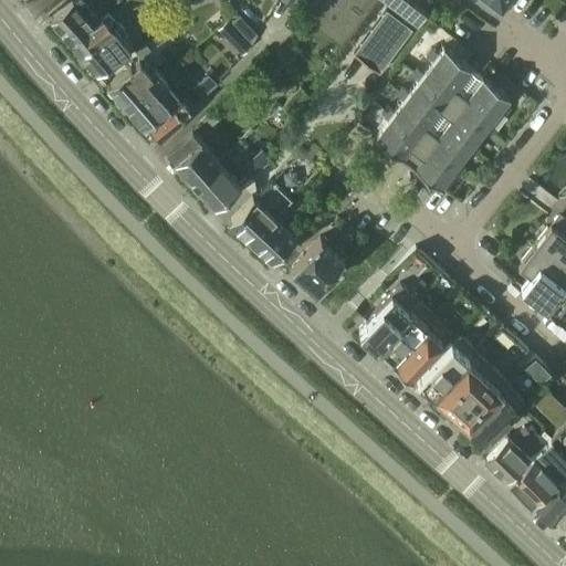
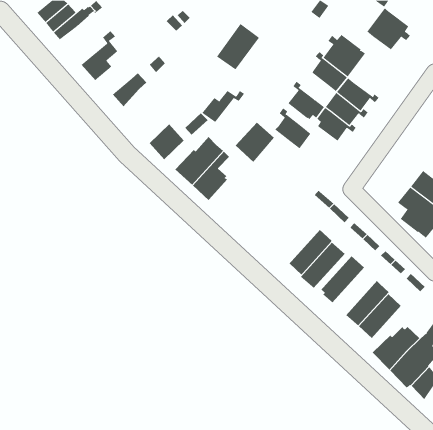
building: [356,15,412,76] -> [216,23,260,70]
building: [80,28,132,80] -> none
building: [126,73,172,134] -> none
building: [454,76,512,132] -> [367,8,411,50]
building: [391,92,439,146] -> [274,107,311,149]
building: none -> [202,90,245,123]
building: [167,136,222,192] -> none
building: [292,242,344,295] -> [235,122,275,163]
building: [358,289,418,350] -> none
building: [434,354,492,416] -> none

